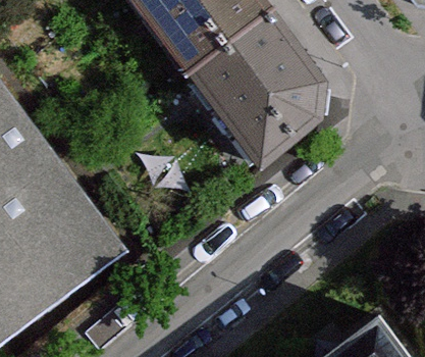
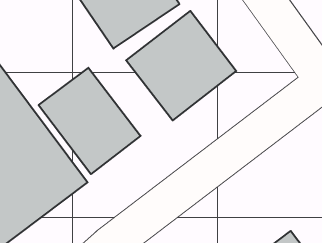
building: none -> [39,68,141,174]

